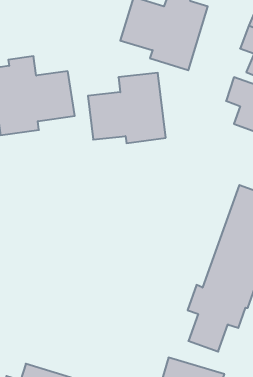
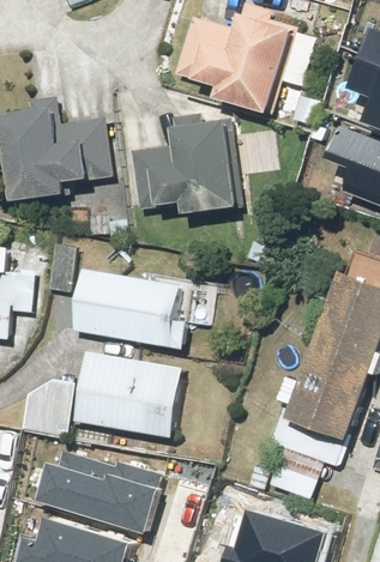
building: none -> [72,267,187,350]
building: none -> [73,353,183,439]
building: none -> [29,449,152,528]

